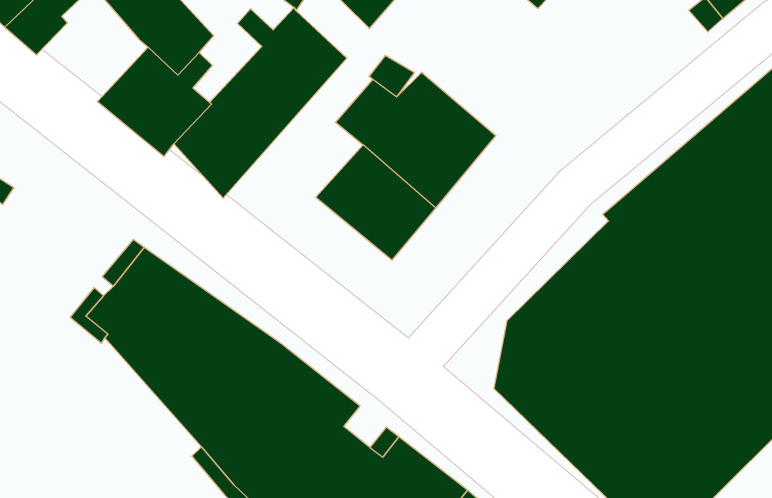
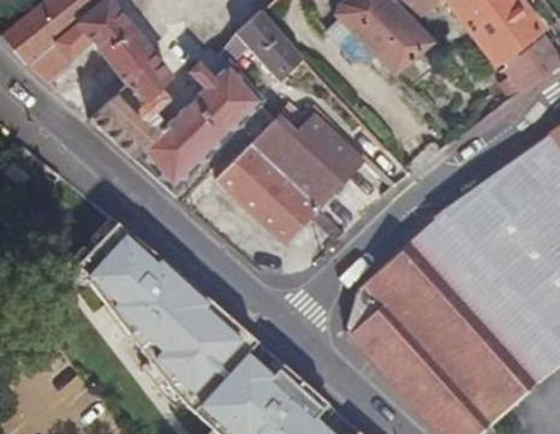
building: none -> [218,144,270,195]

